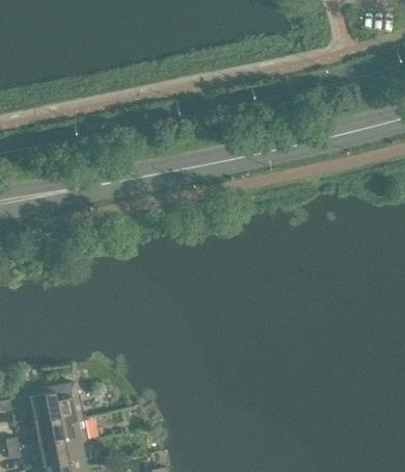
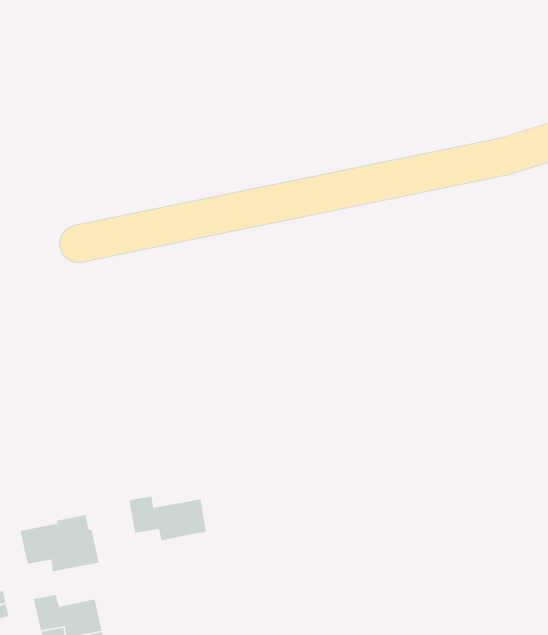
building: [34,416,89,448] -> [129,495,207,541]

